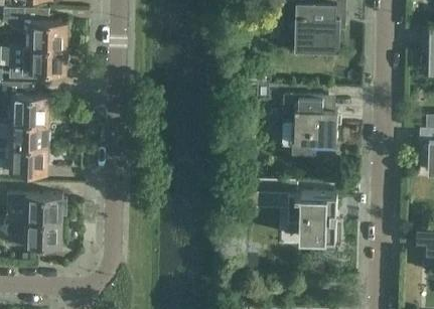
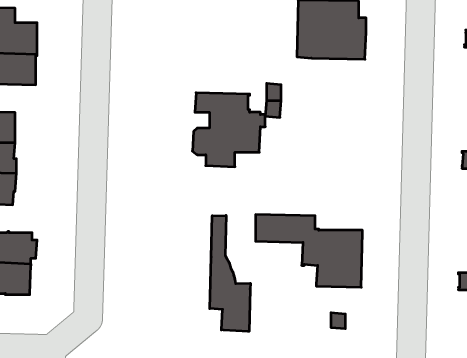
building: [280,98,340,159] -> [192,93,265,167]
building: none -> [210,215,250,331]

